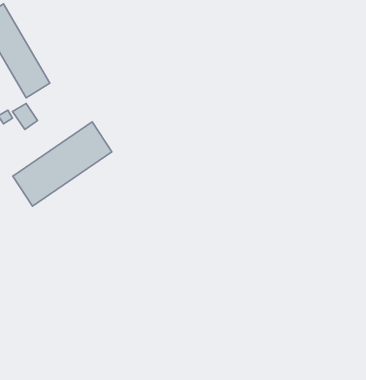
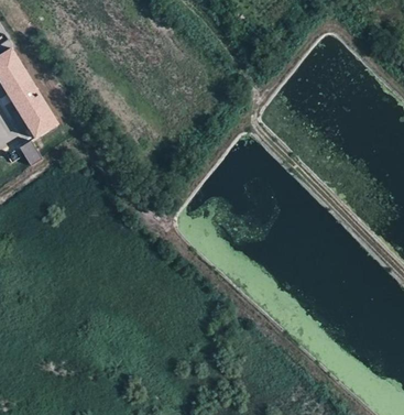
building: [13,122,112,206] -> none

